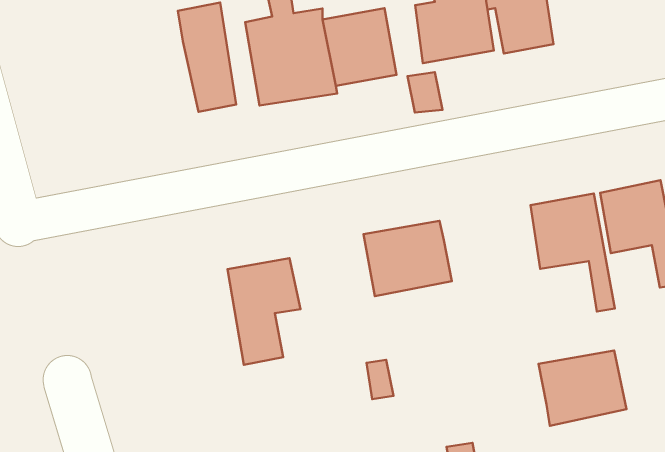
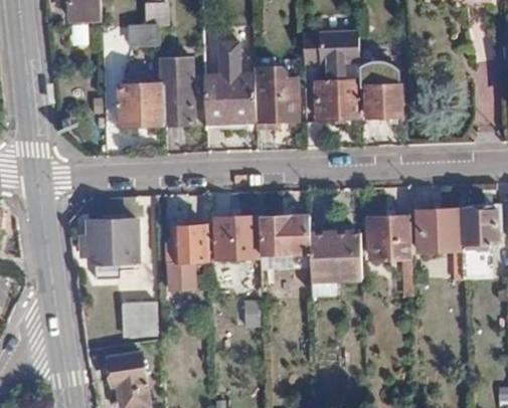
building: none -> [119,76,164,124]
building: none -> [215,219,256,262]
building: none -> [78,226,138,272]
building: [539,350,627,426] -> [310,230,362,272]
building: none -> [125,301,156,334]

